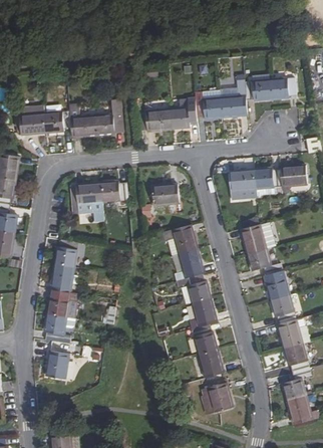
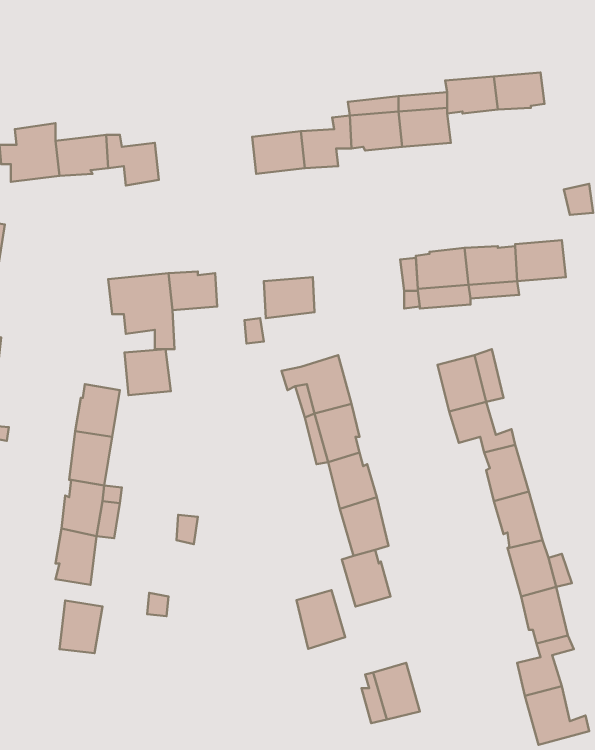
building: [95,100,121,135] -> none
building: none -> [125,349,171,395]
building: [199,350,224,380] -> [296,590,345,649]

